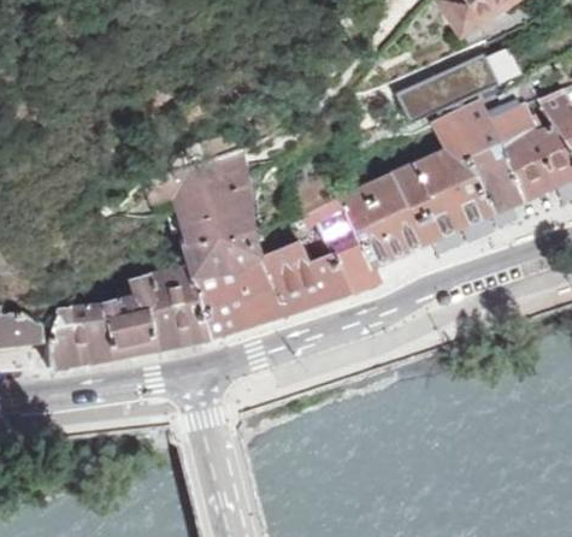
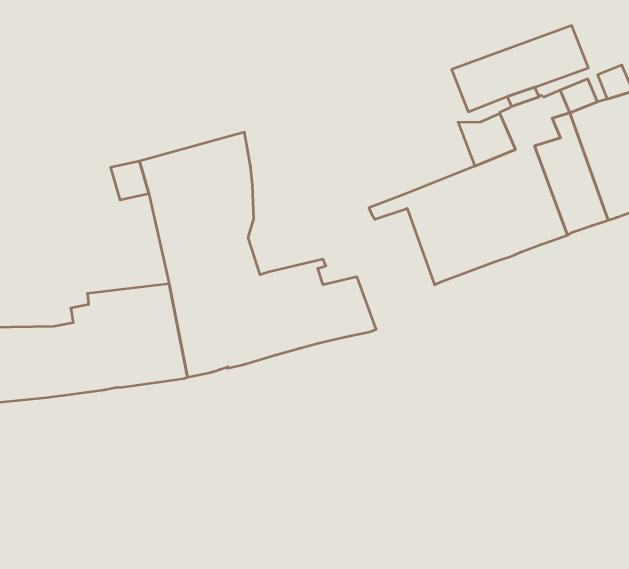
building: [317,201,393,294] -> none

